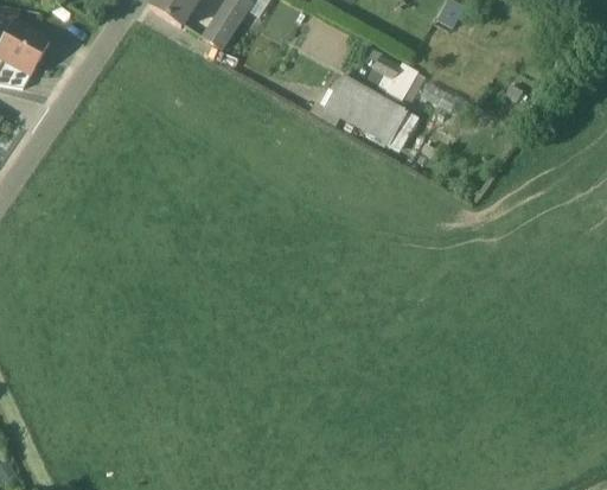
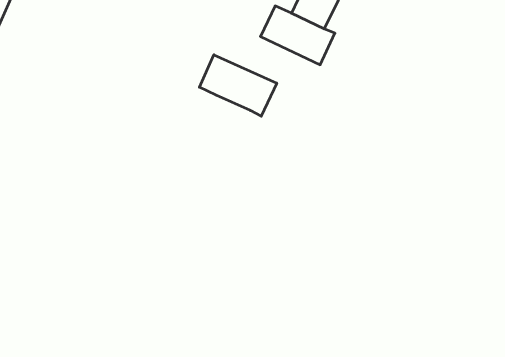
building: none -> [199,55,277,116]

